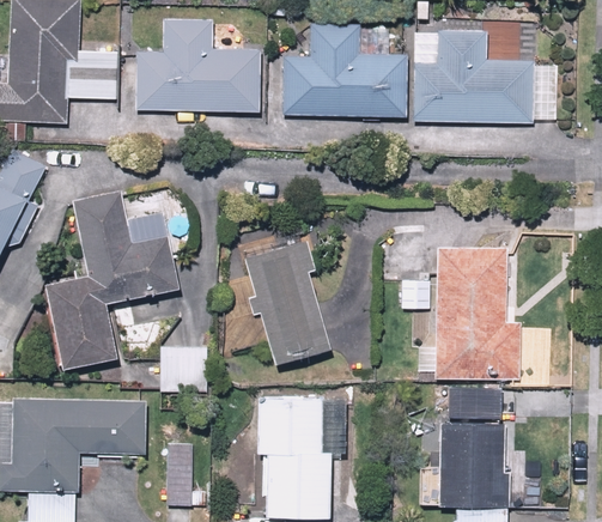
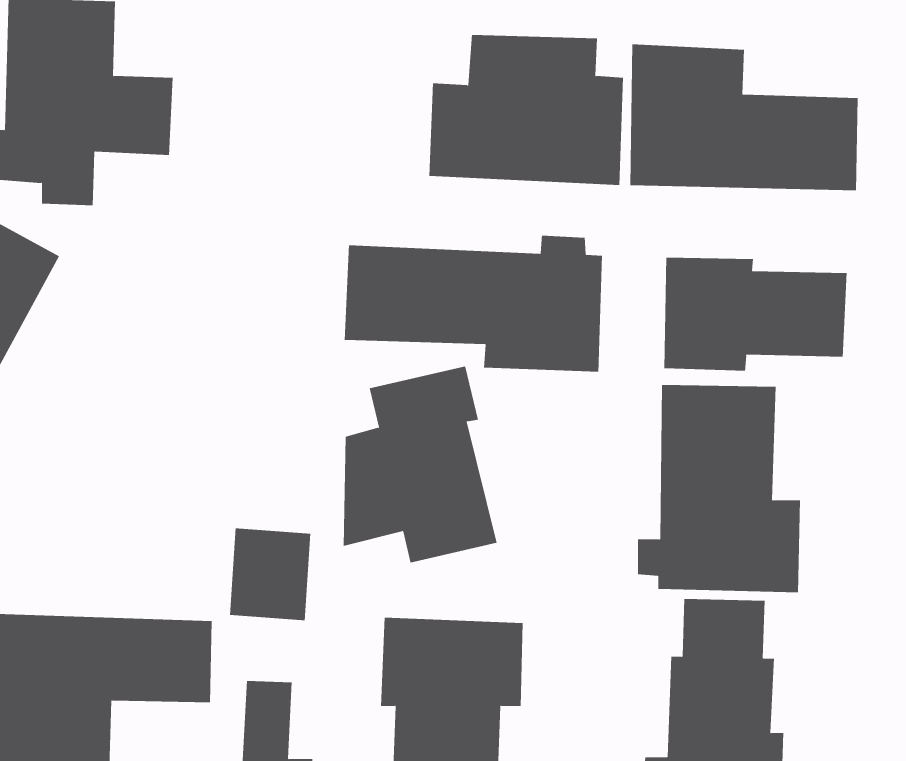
building: [134,14,262,115] -> none
building: none -> [344,235,602,373]
building: none -> [664,257,847,372]
building: [42,189,178,371] -> none

